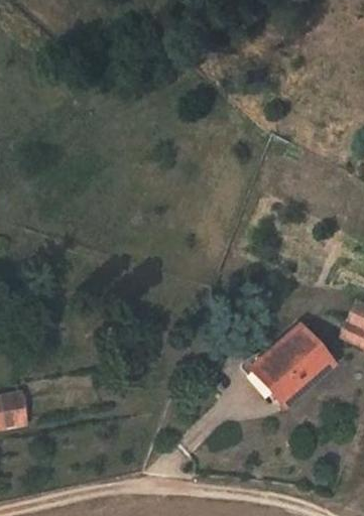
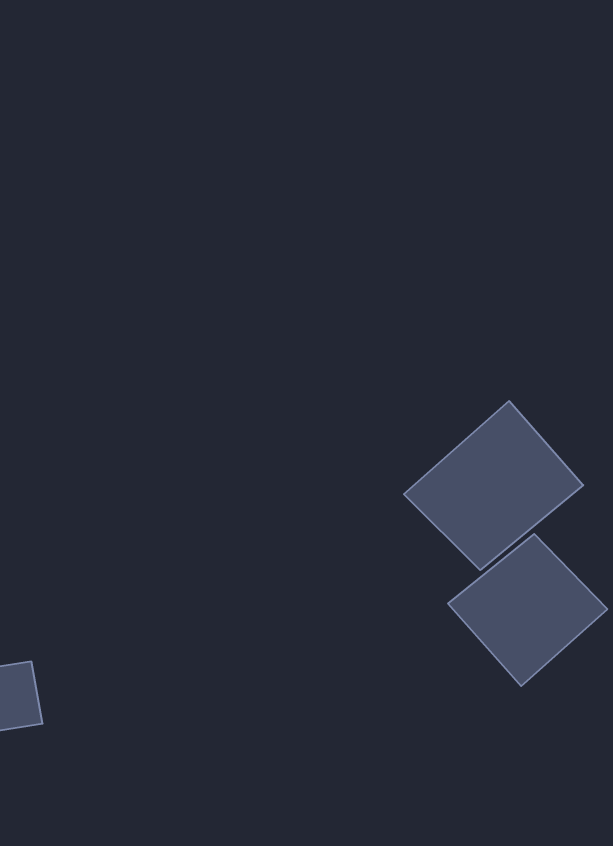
building: none -> [404,401,583,570]

